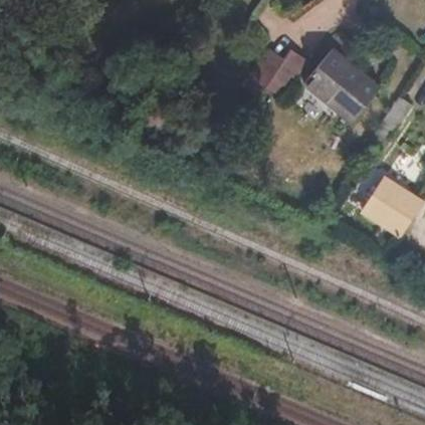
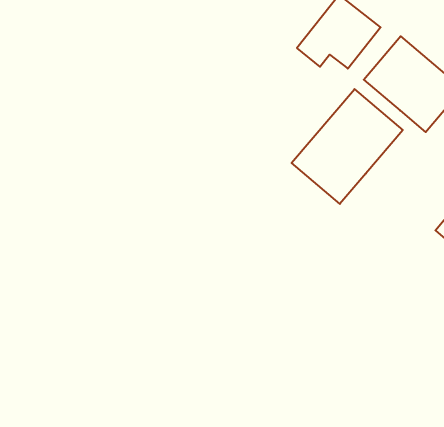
building: none -> [292,89,403,204]

